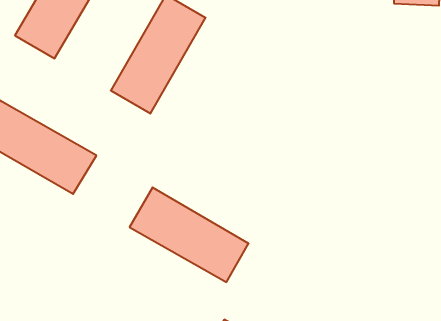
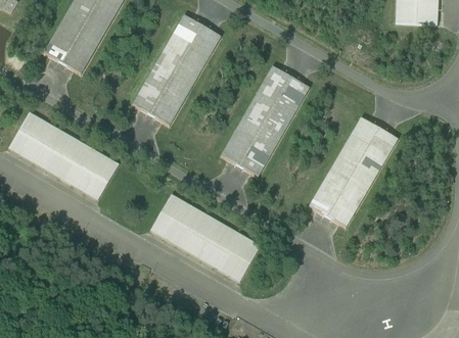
building: none -> [222,65,310,176]
building: none -> [309,117,398,227]

